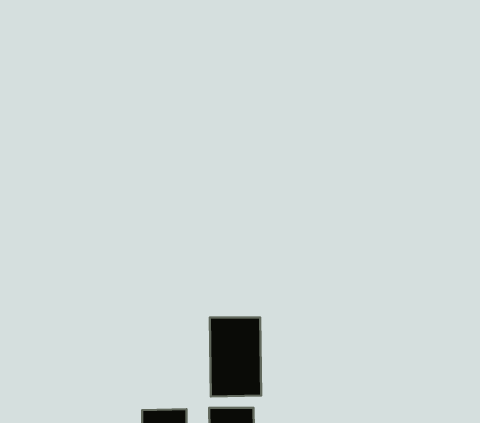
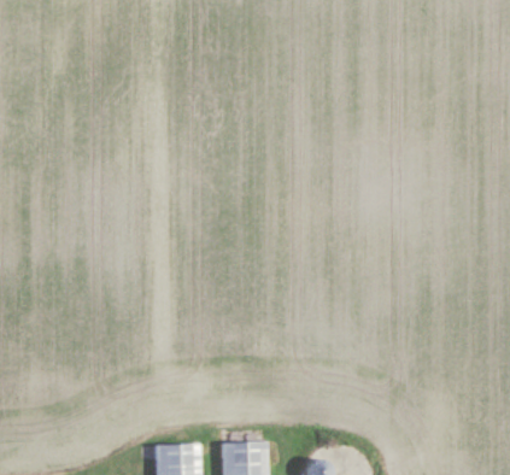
building: [210,317,261,397] -> none

